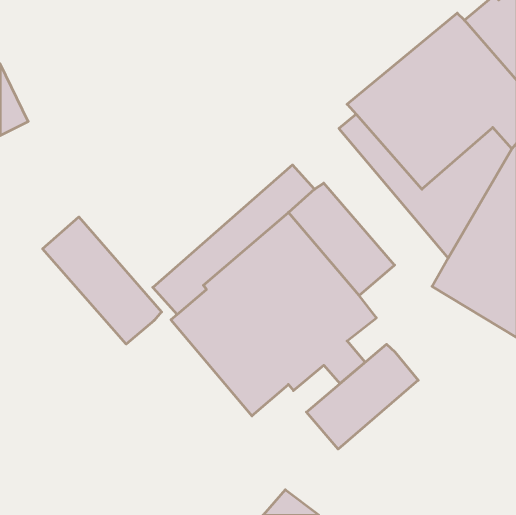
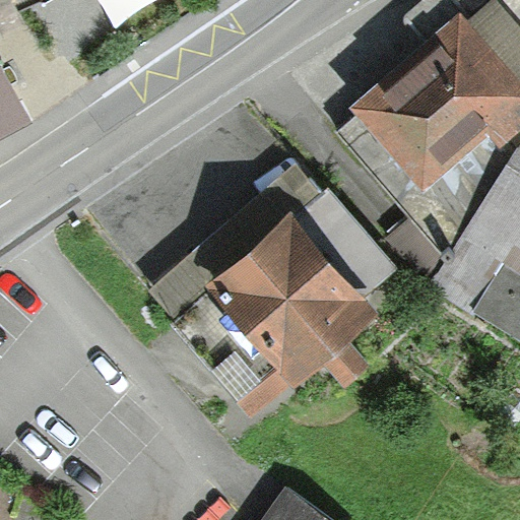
building: [43,217,162,344] -> none
building: [306,344,418,449] -> none

